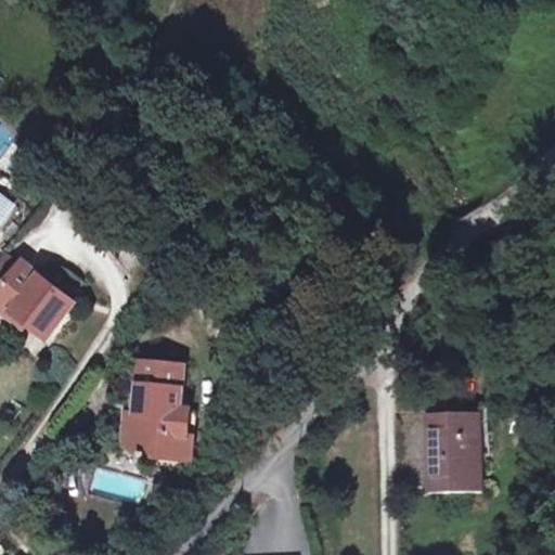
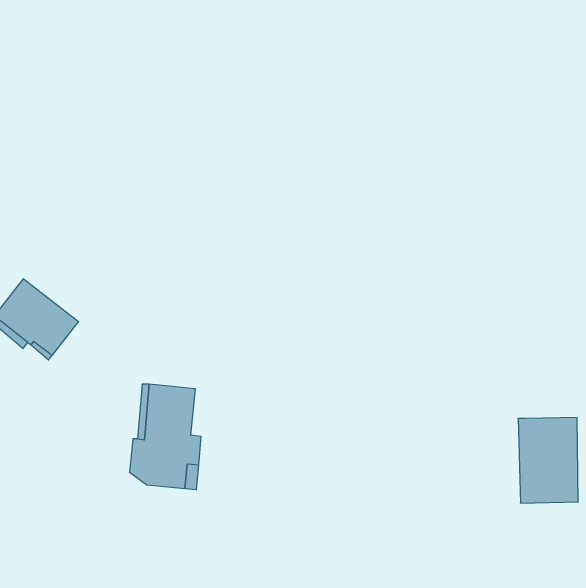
building: [424,411,480,491] -> [518,417,578,503]

